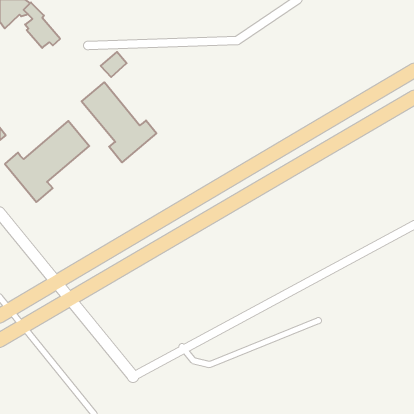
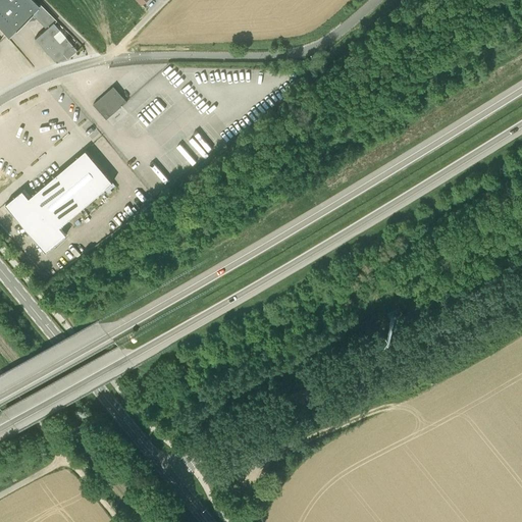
building: [101,52,127,77] -> [93,88,125,119]
building: [82,82,156,162] -> none

